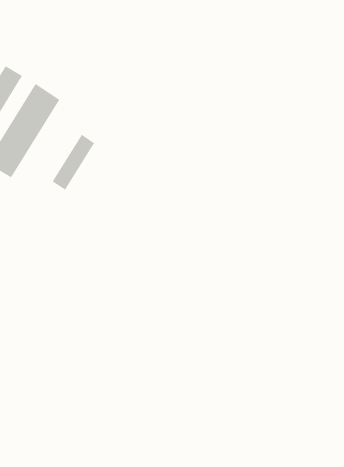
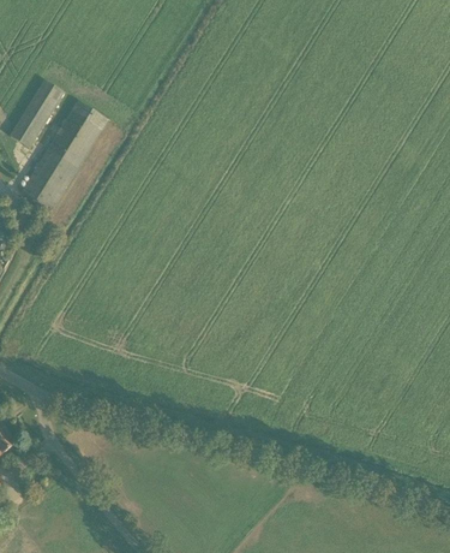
building: [52,134,95,190] -> none

